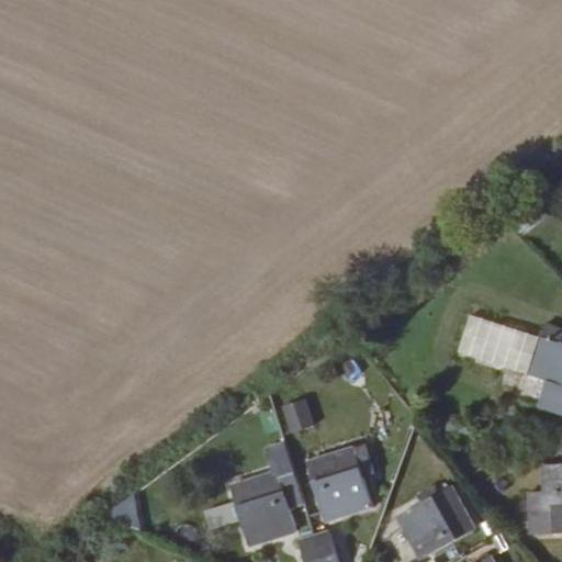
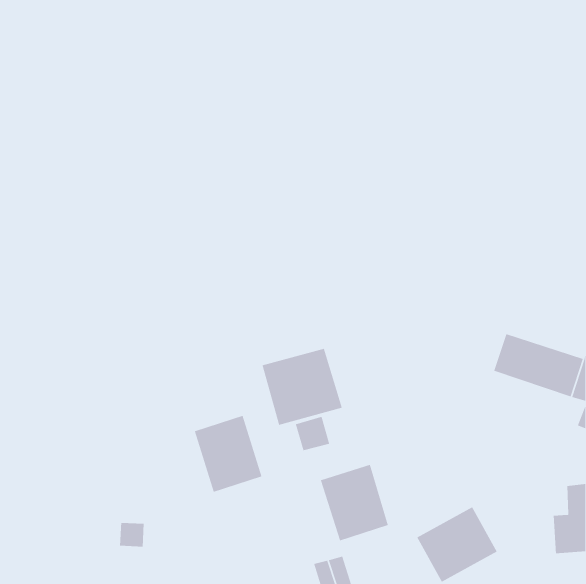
building: none -> [261,348,343,426]
building: [229,470,295,544] -> [194,415,263,493]

